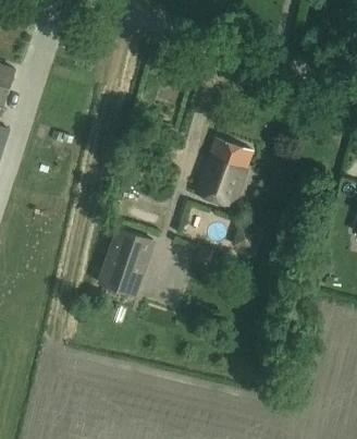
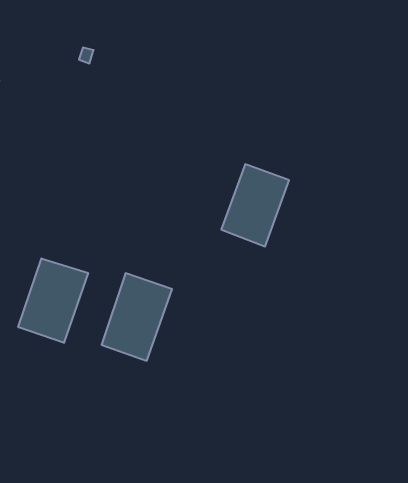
building: none -> [18,258,88,343]

